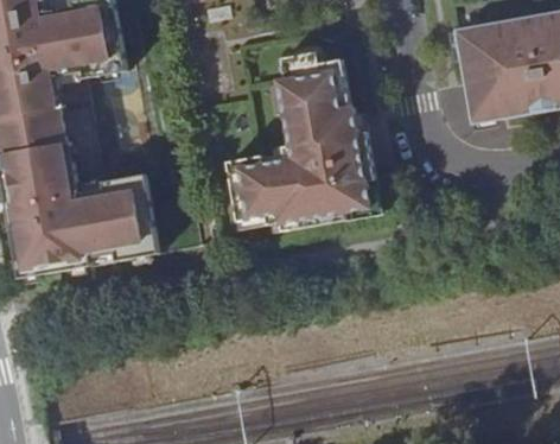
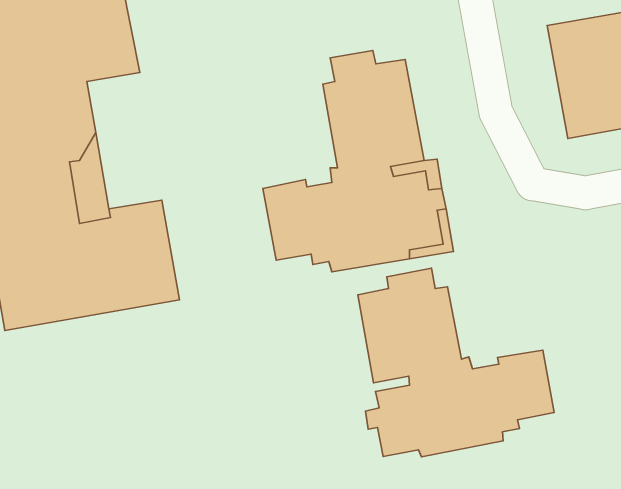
building: none -> [358,268,554,457]

